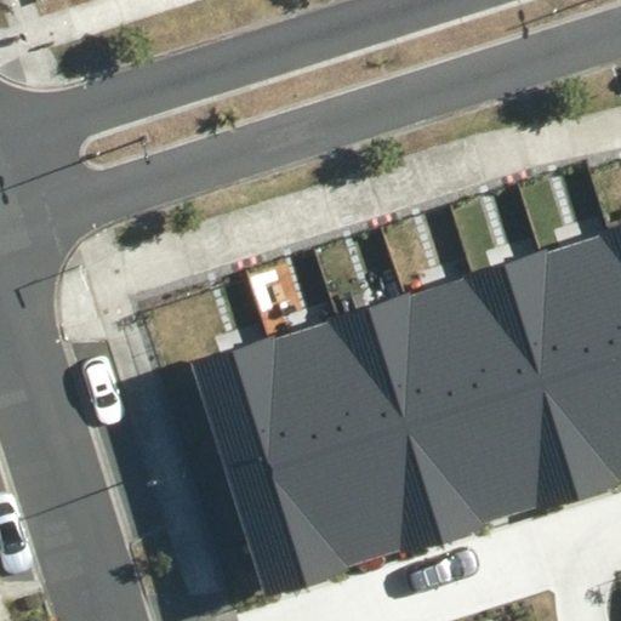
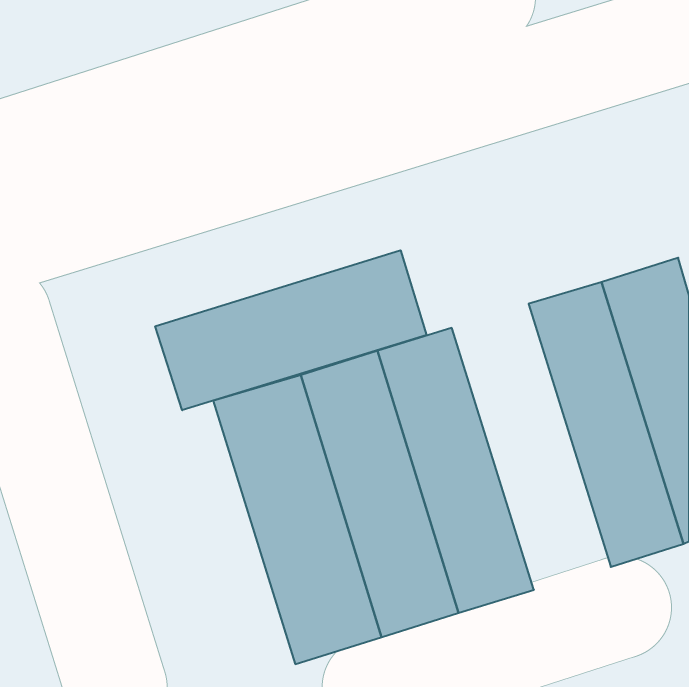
building: none -> [155,250,426,410]
building: [406,273,549,530] -> none

